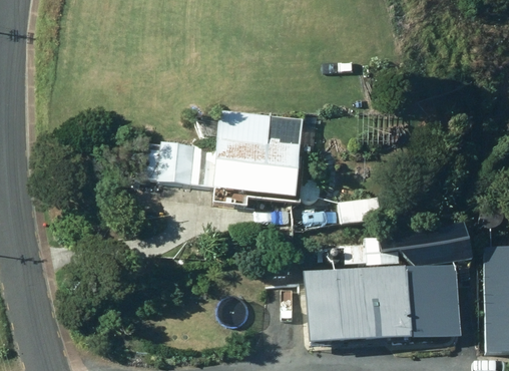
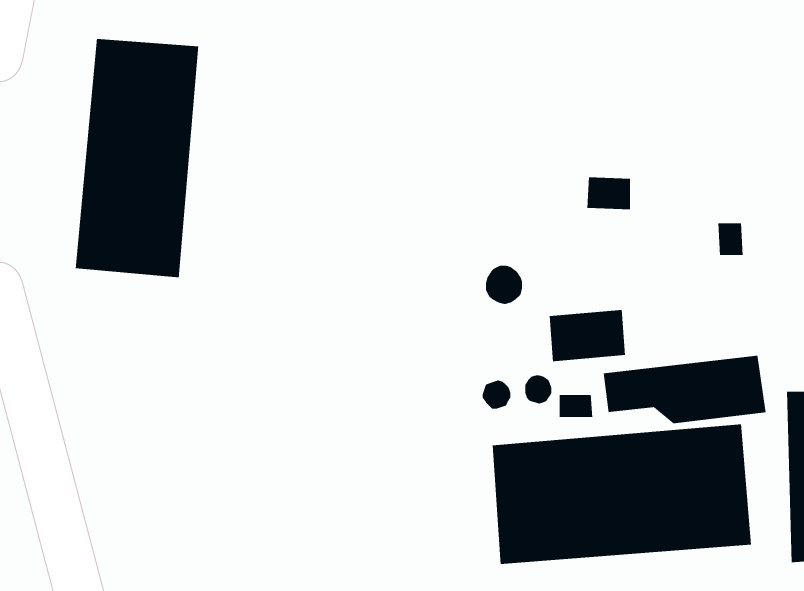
building: none -> [75,38,199,278]
building: [157,105,302,204] -> none

